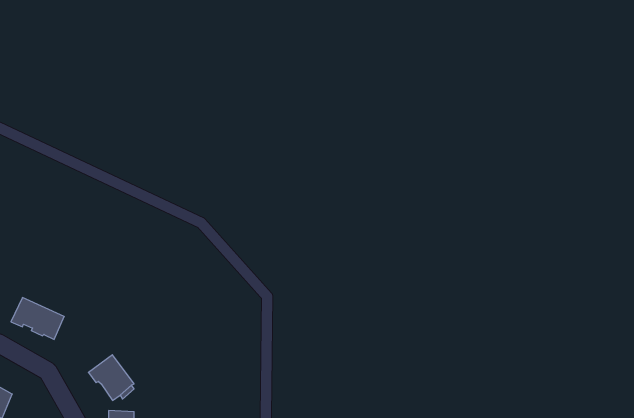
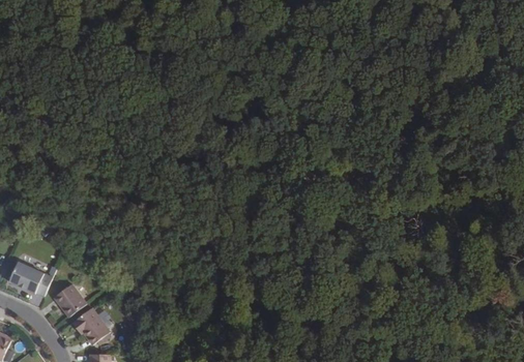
building: none -> [54,283,87,316]

